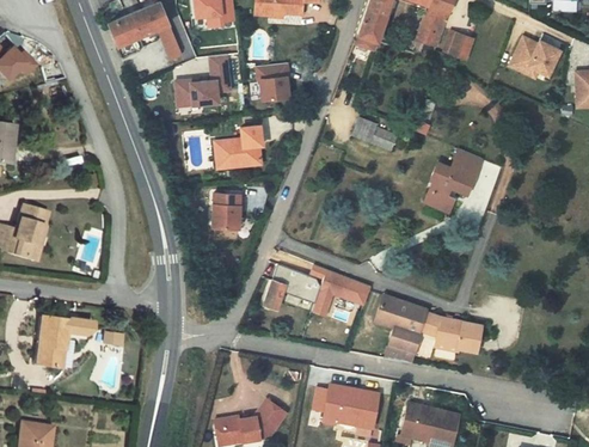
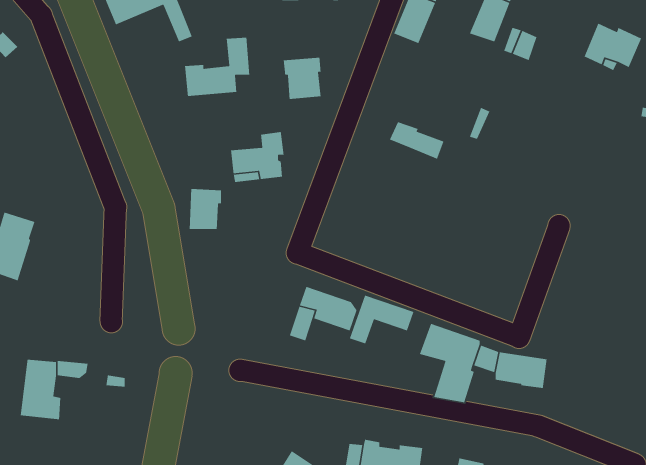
building: [419,151,478,215] -> none
building: [216,197,244,232] -> [189,188,222,230]

